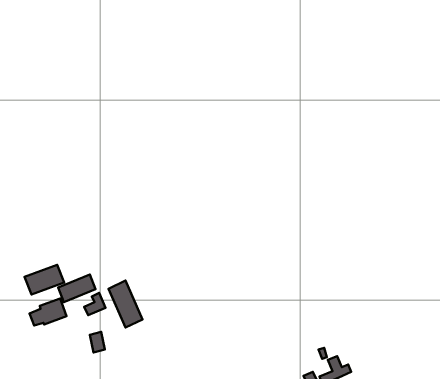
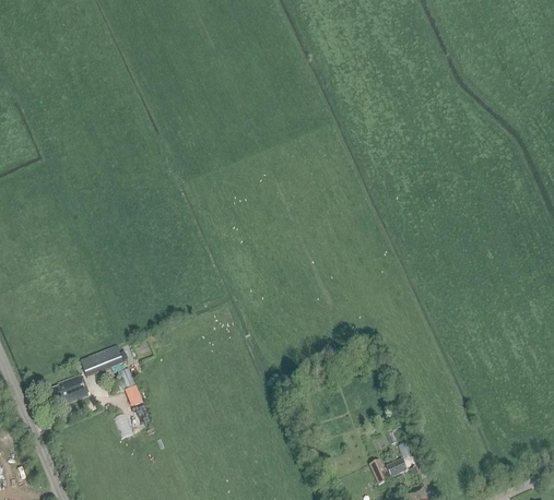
building: [24,265,64,295] -> none
building: [109,281,142,327] -> none

